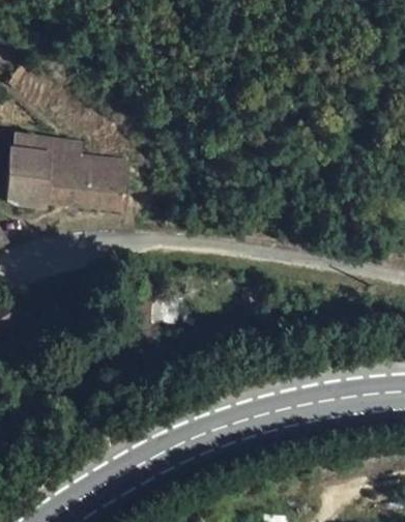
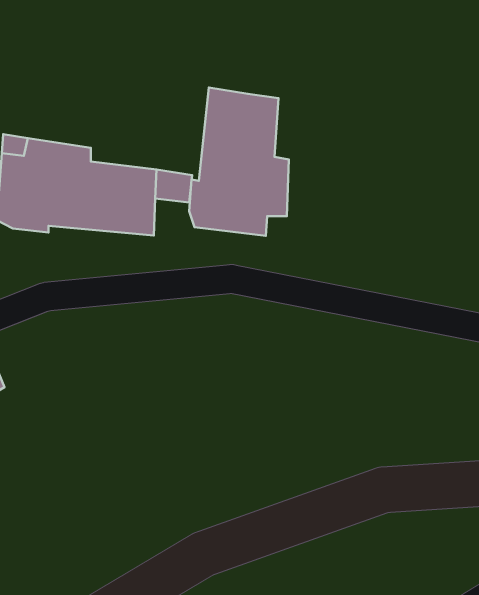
building: none -> [189,88,289,236]

